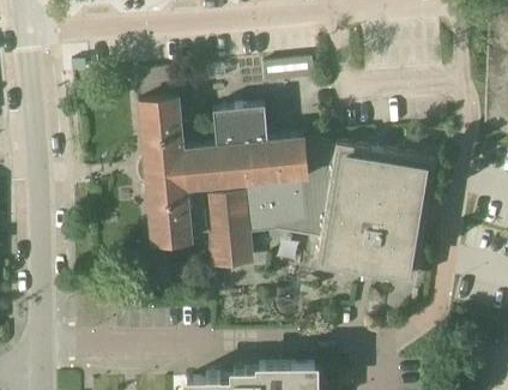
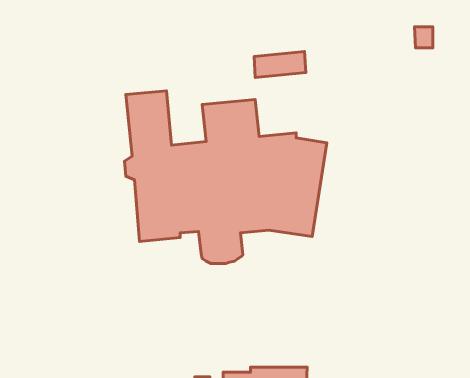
building: [315,142,435,282] -> none

